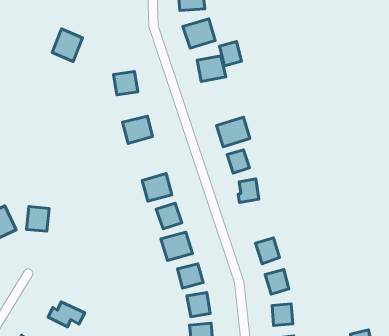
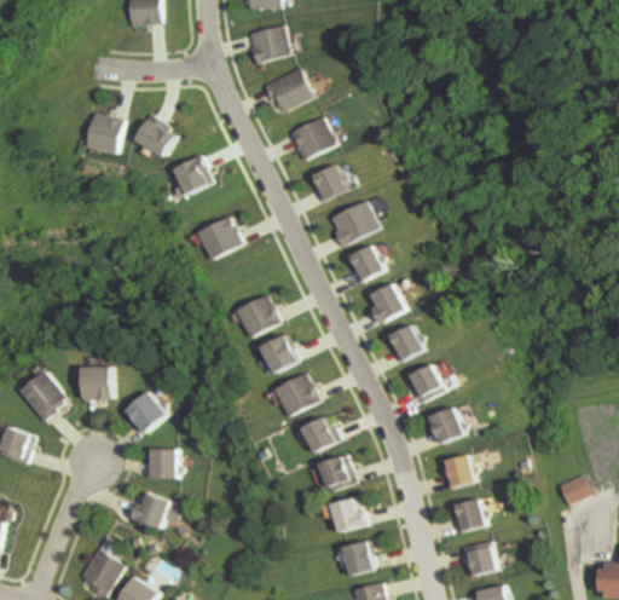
building: none -> [133,115,175,155]
building: [220,42,242,66] -> [310,165,343,201]
building: none -> [388,324,422,360]
building: none -> [123,391,164,433]
building: none -> [149,449,174,479]

